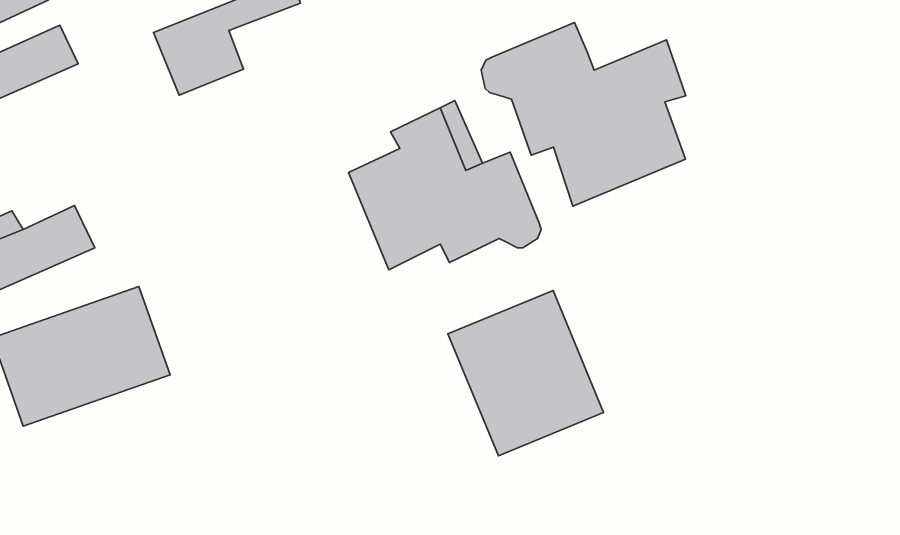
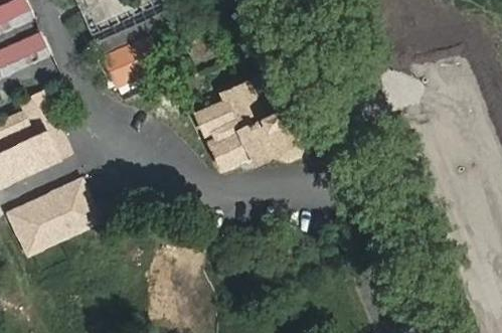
building: [481,23,686,206] -> none
building: [448,290,604,456] -> none

